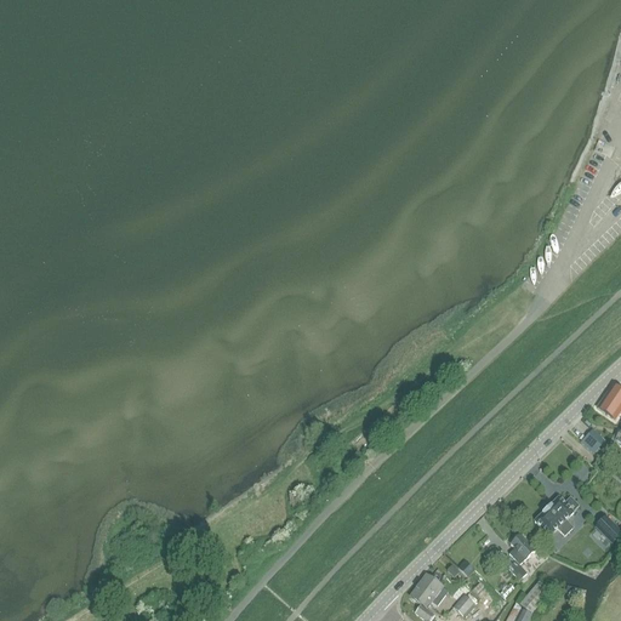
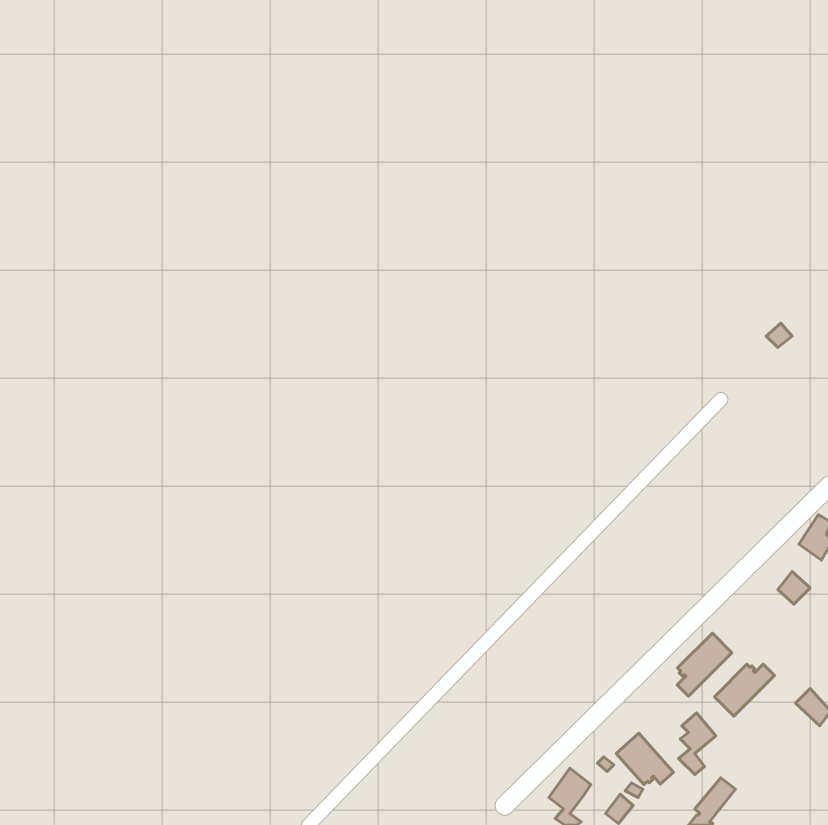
building: none -> [677,633,732,696]
building: none -> [616,733,674,785]

